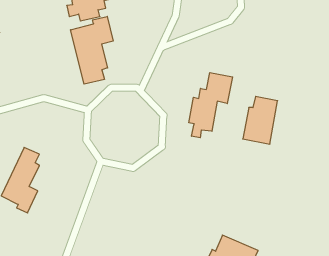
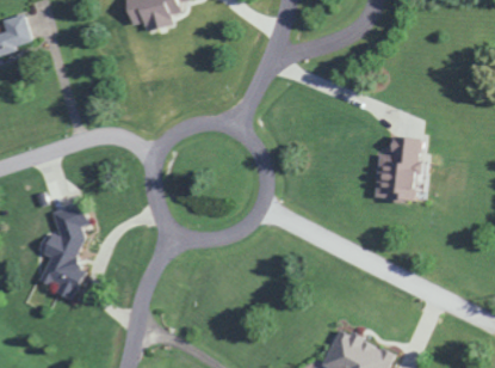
building: [71,16,113,84] -> none
building: [189,73,233,138] -> none

